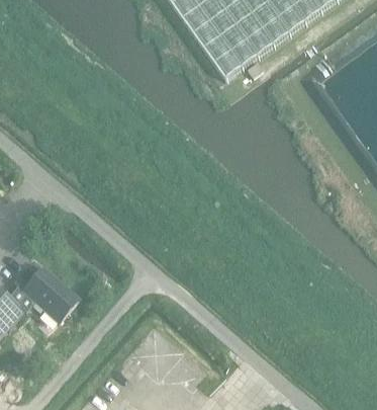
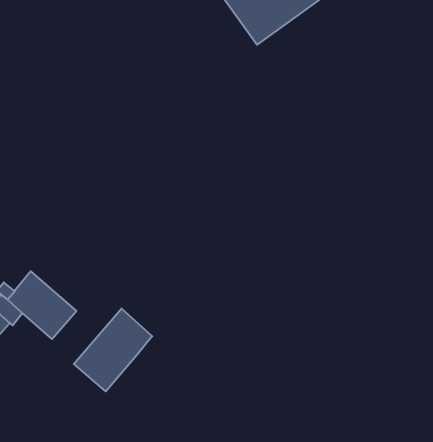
building: none -> [74,308,152,391]

